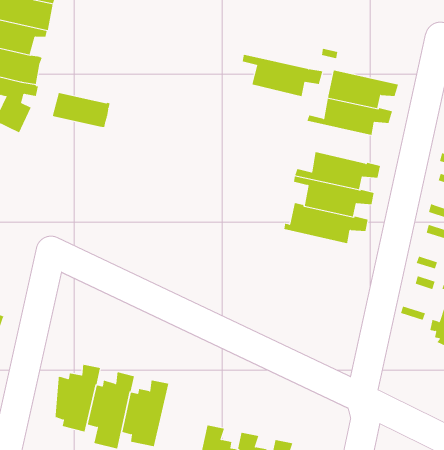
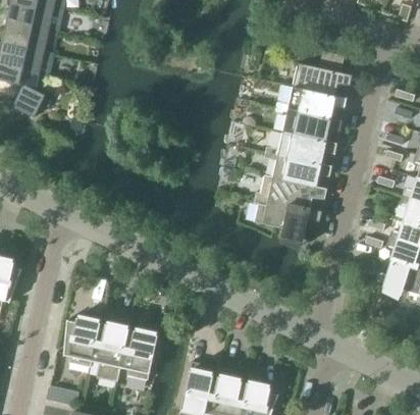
building: [242,54,323,97] -> [273,108,342,144]
building: [52,92,110,128] -> none
building: none -> [253,199,321,250]

